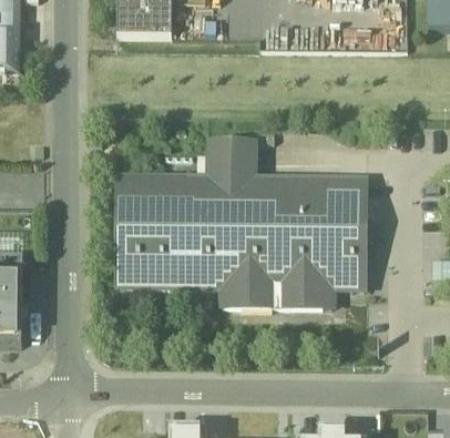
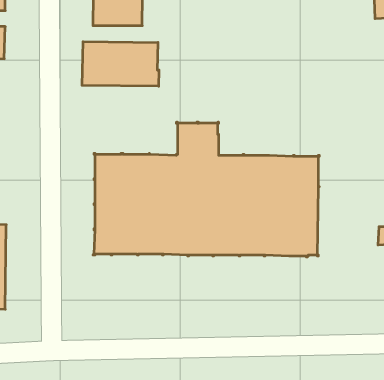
building: none -> [82,42,159,86]
building: [222,286,333,305] -> none

